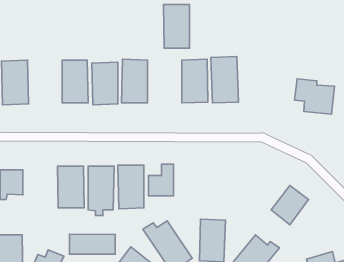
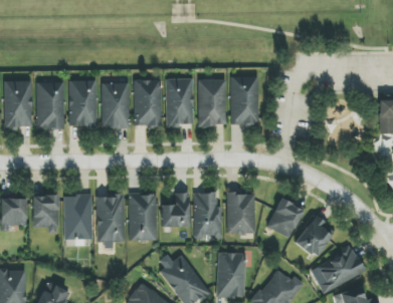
building: [163,4,189,48] -> [165,78,193,125]
building: none -> [36,81,64,129]
building: none -> [226,192,255,234]
building: none -> [193,193,222,240]
building: none -> [32,195,59,234]
building: none -> [267,198,303,237]
building: none -> [314,248,364,291]
building: [70,234,115,254] -> none

